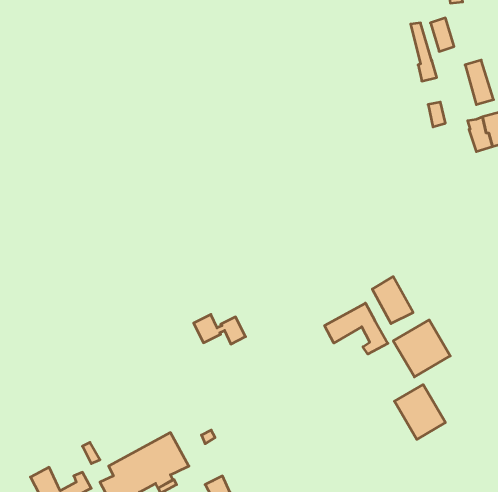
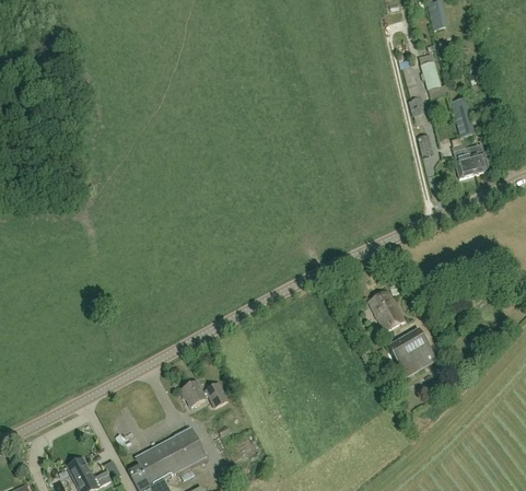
building: [325,303,388,354] -> none
building: [194,314,246,344] -> [182,381,227,407]
building: [394,385,445,439] -> none

